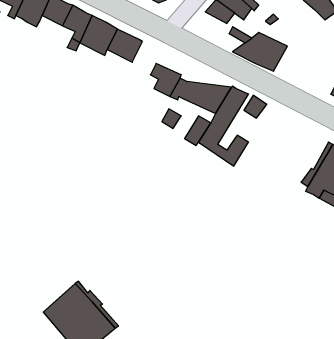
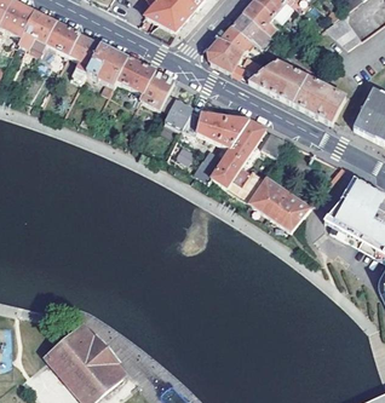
building: none -> [207,39,245,76]
building: none -> [139,70,174,108]
building: none -> [292,75,345,122]
building: none -> [249,175,310,230]

